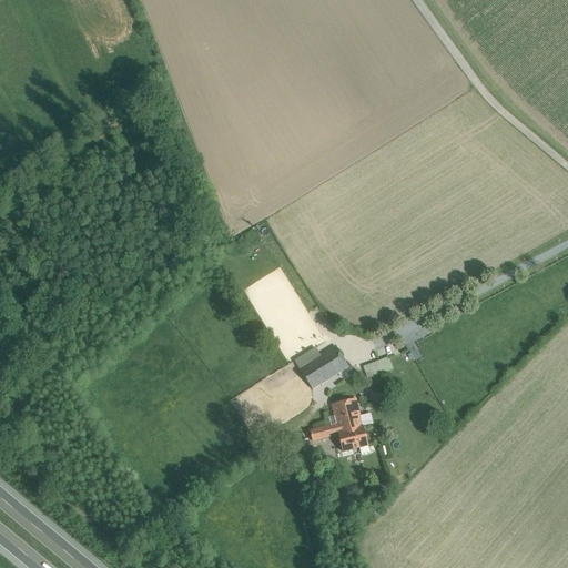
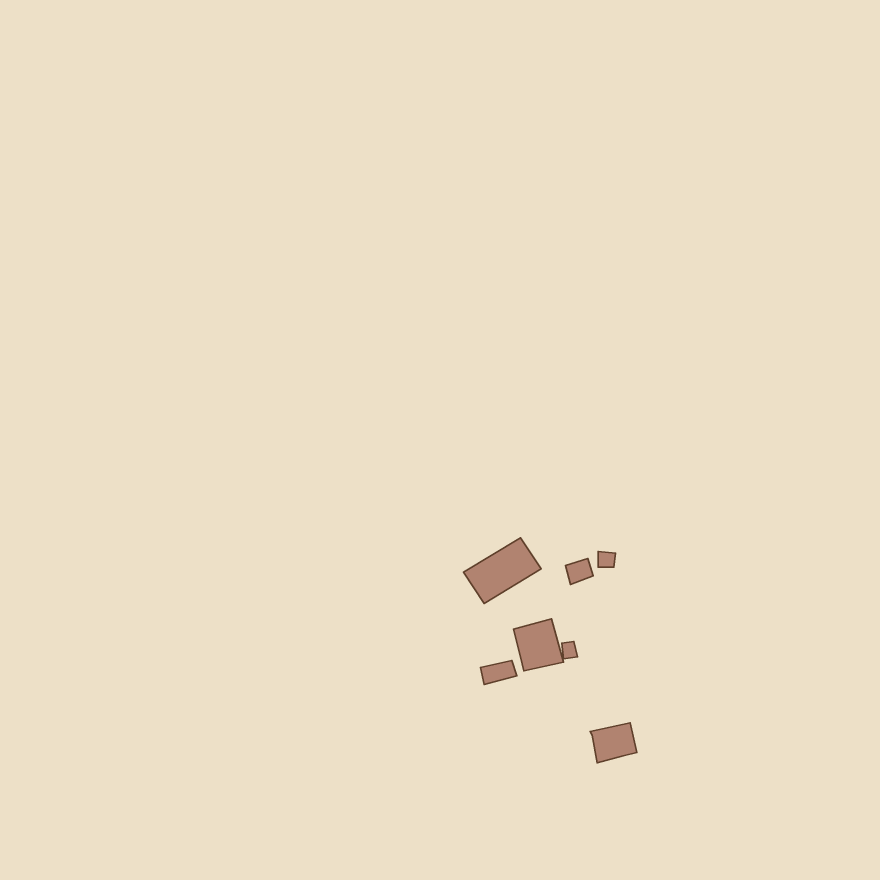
building: [336,425,366,450] -> [590,723,637,763]

